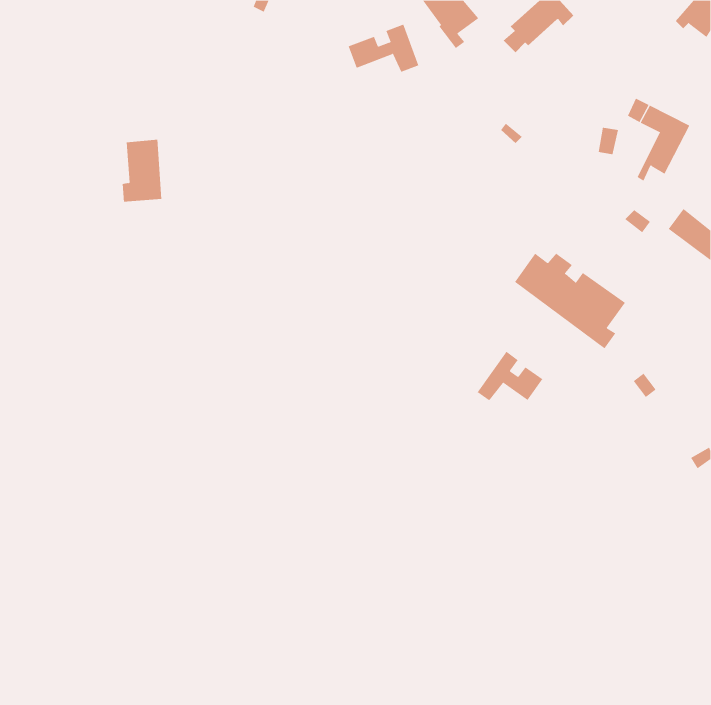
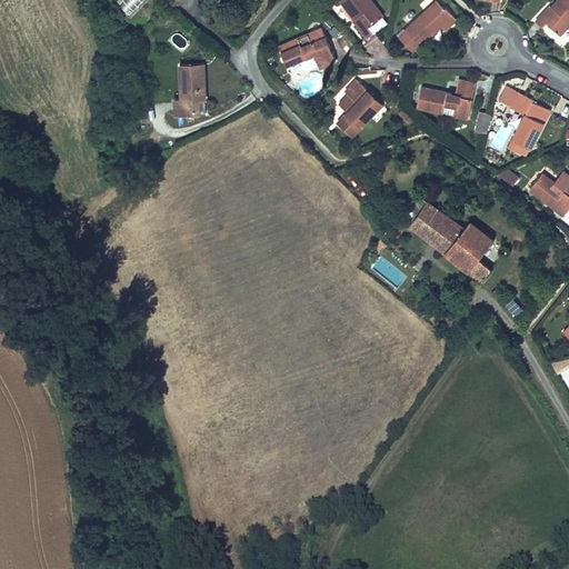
building: none -> [337,78,380,134]
building: none -> [423,78,478,116]
building: [122,139,162,202] -> [172,70,204,120]
building: [477,351,543,401] -> none

